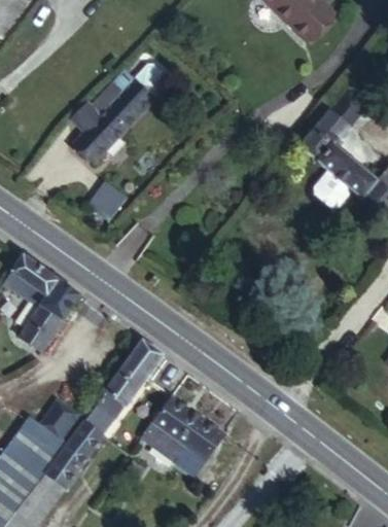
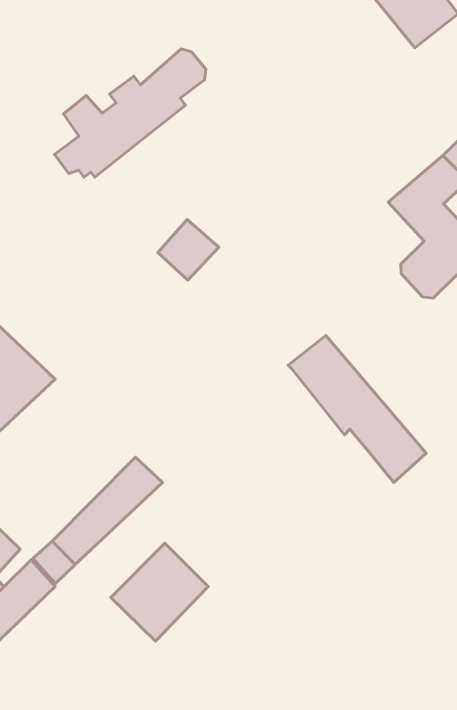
building: [90,179,130,219] -> [158,220,219,280]
building: none -> [288,335,426,482]
building: [180,419,232,476] -> none

